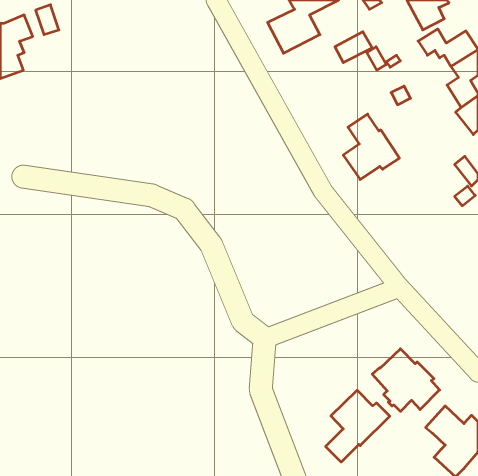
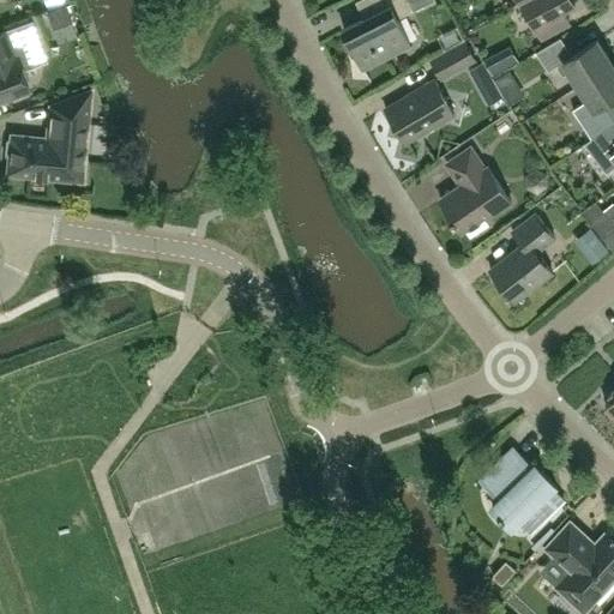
building: none -> [385,83,455,145]
building: none -> [5,91,91,183]
building: none -> [490,216,555,306]
building: [326,390,390,462] -> none

